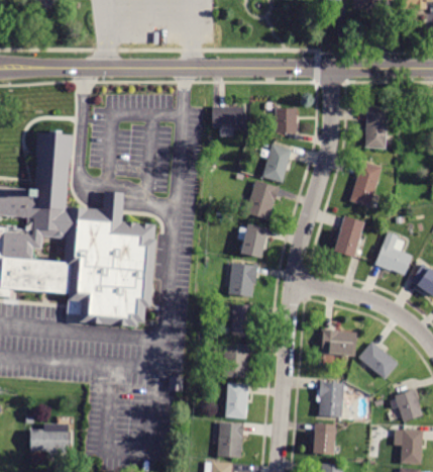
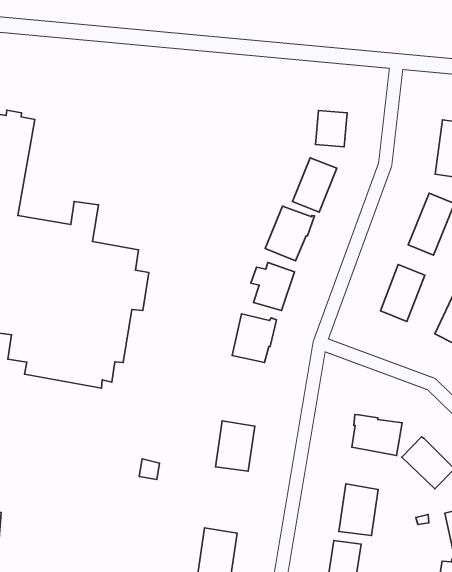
building: [213,107,245,128] -> none
building: [231,304,254,338] -> none
building: [225,384,249,419] -> none

